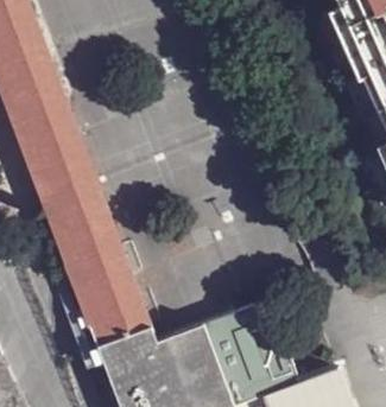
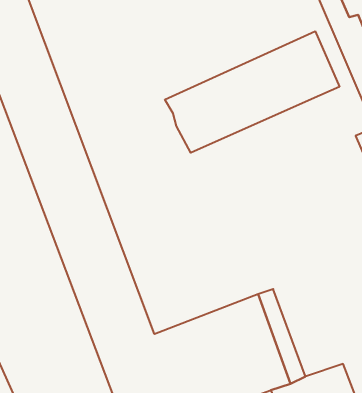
building: none -> [165,31,339,153]

